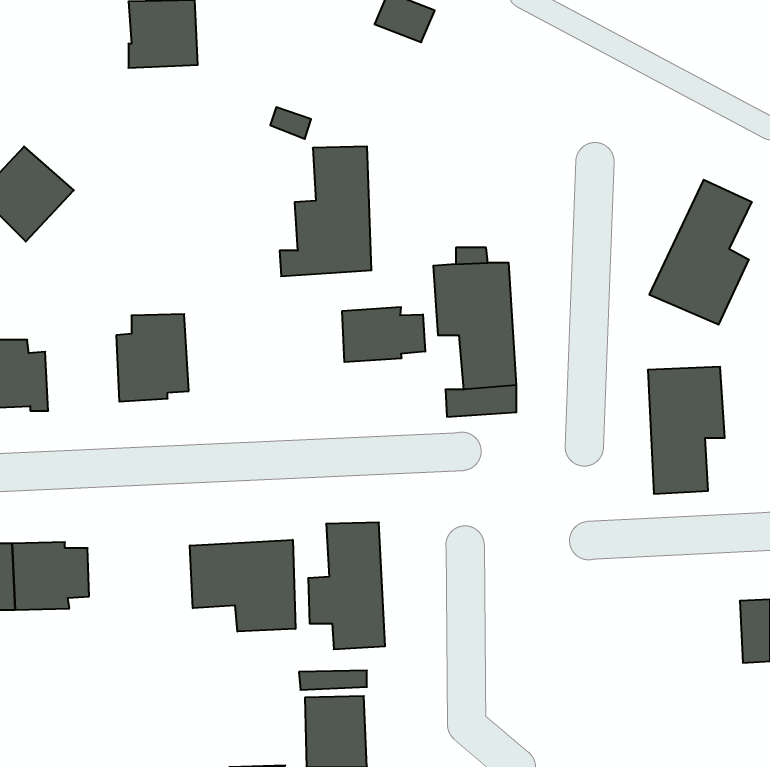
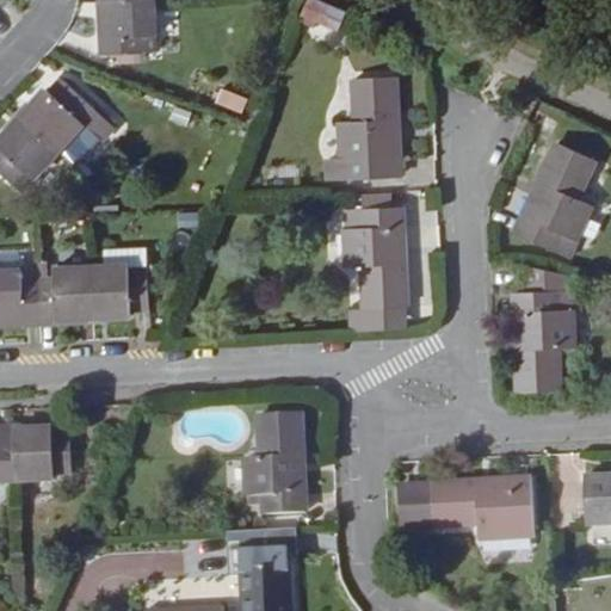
building: none -> [19,79,115,150]
building: [280,146,372,276] -> [327,78,400,180]
building: [342,307,425,362] -> none
building: none -> [36,265,94,325]
building: [190,540,295,632] -> none
building: none -> [397,477,533,538]

